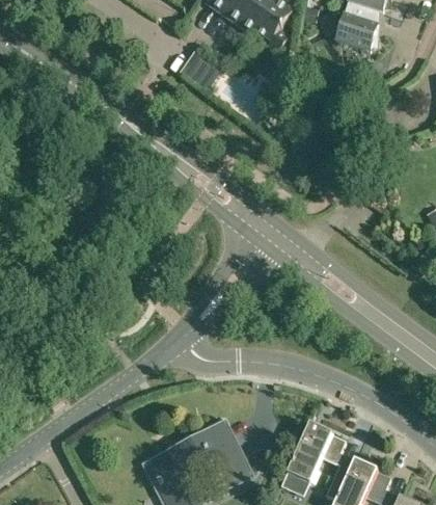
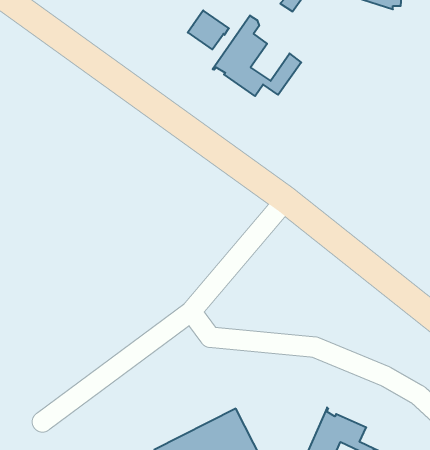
building: none -> [213,15,301,96]

